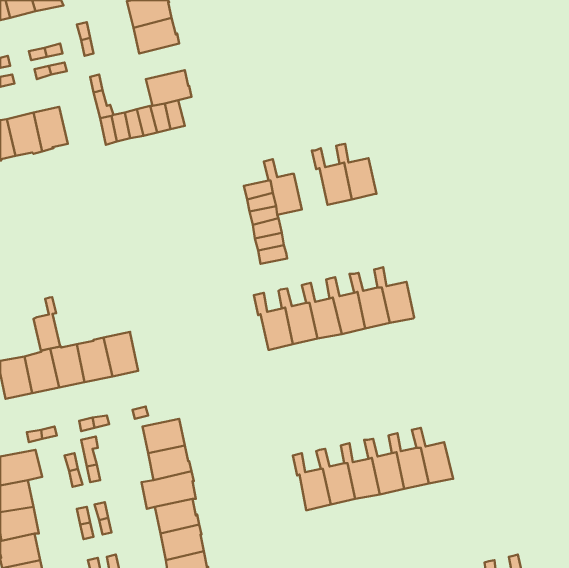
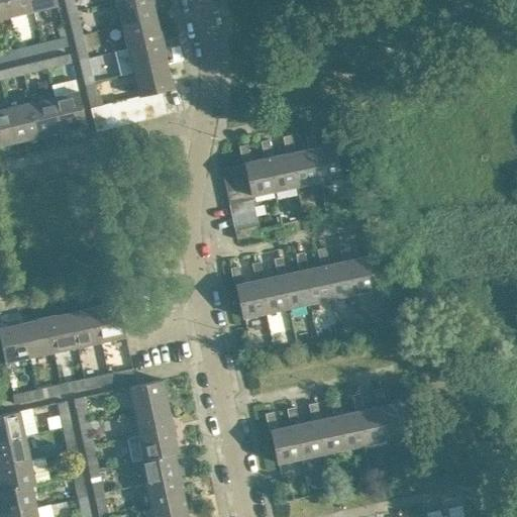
building: none -> [115,40,168,76]
building: none -> [54,91,87,131]
building: none -> [261,140,297,191]
building: [34,297,60,351] -> none

